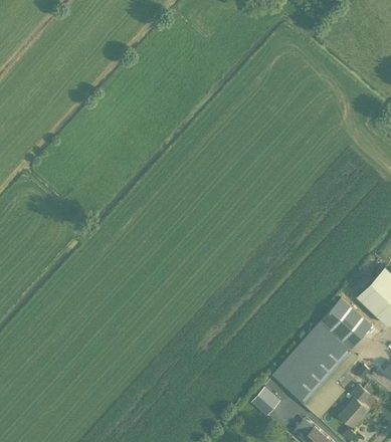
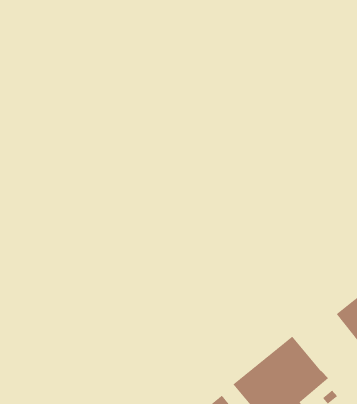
building: [320,297,372,349] -> none

